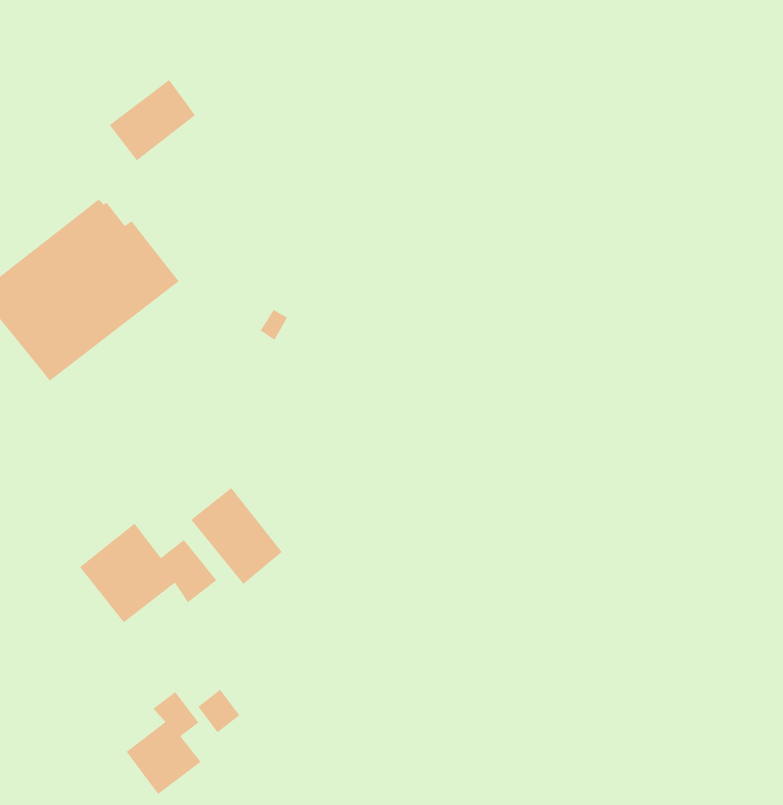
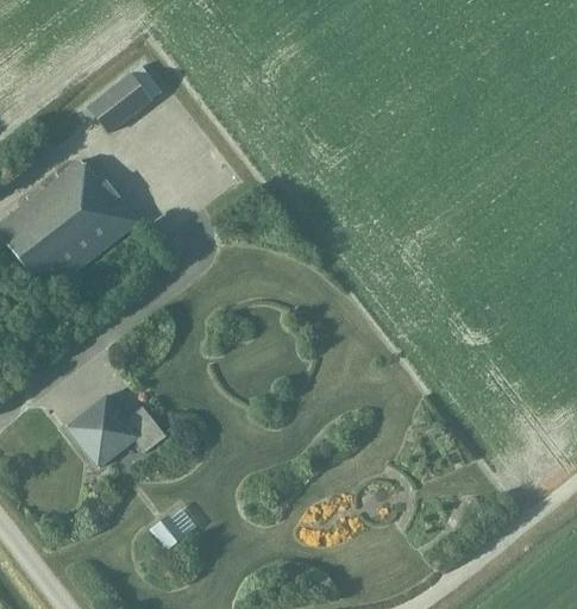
building: [191,487,282,585] -> none
building: [126,691,202,795] -> none

